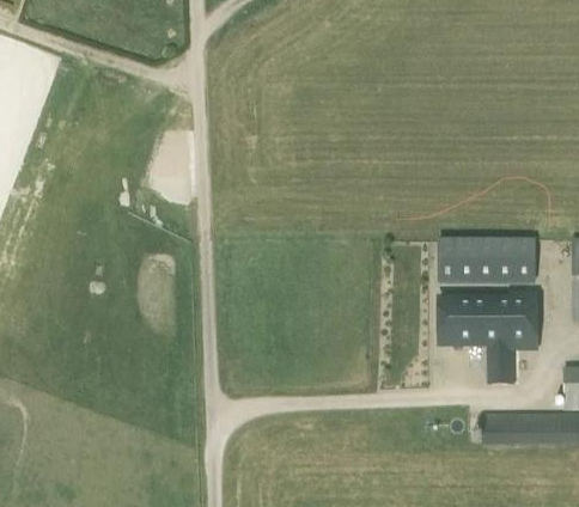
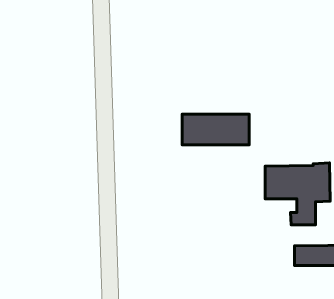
building: [438,237,536,282] -> [182,114,249,145]

